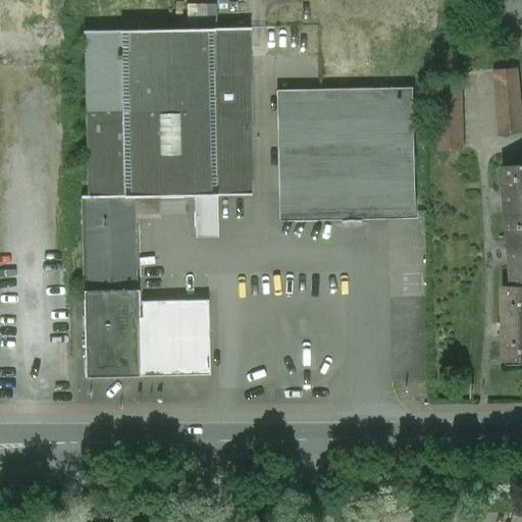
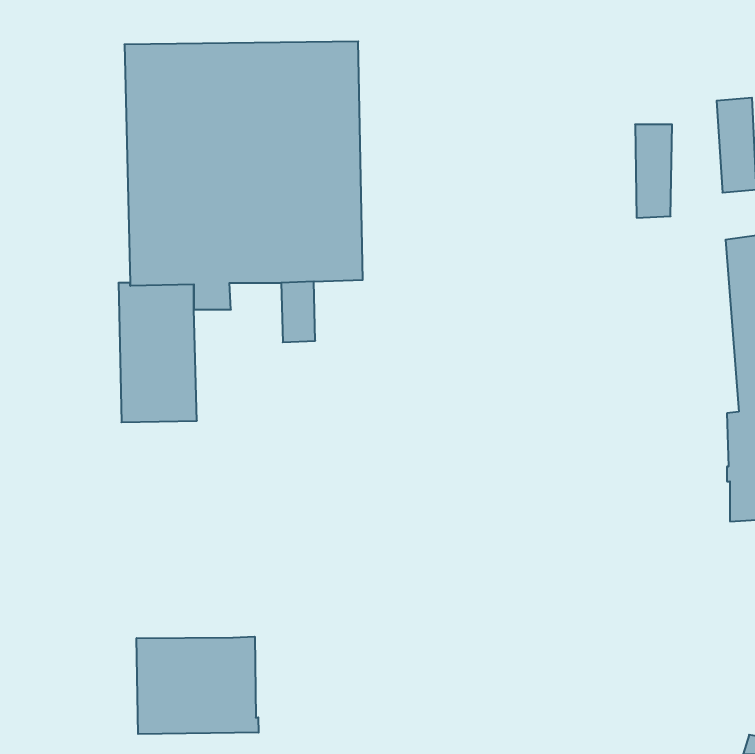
building: [283,89,416,214] -> none
building: [85,290,210,376] -> none
building: none -> [137,637,259,734]

